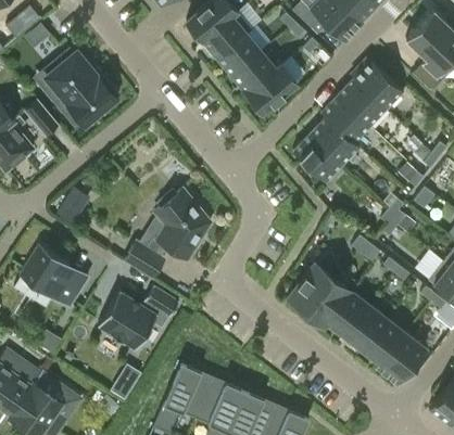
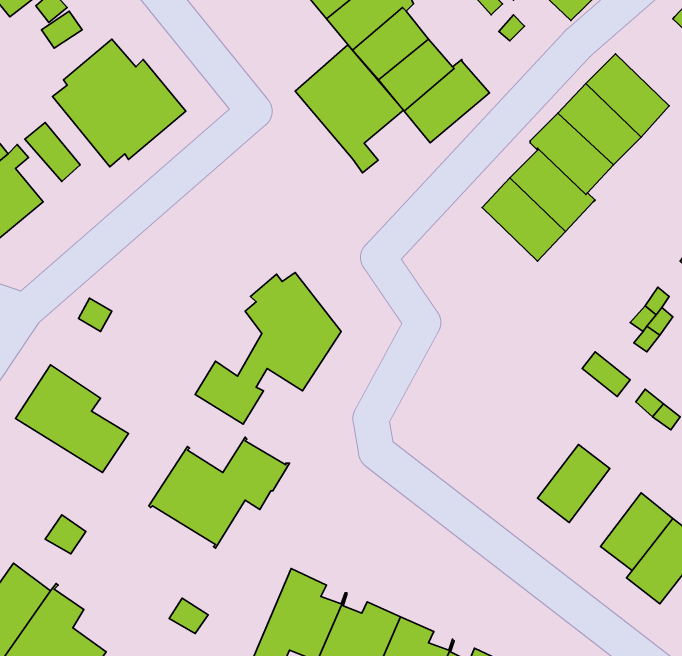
building: none -> [295,45,403,173]
building: [286,263,349,325] -> none
building: [343,304,386,349] -> none

